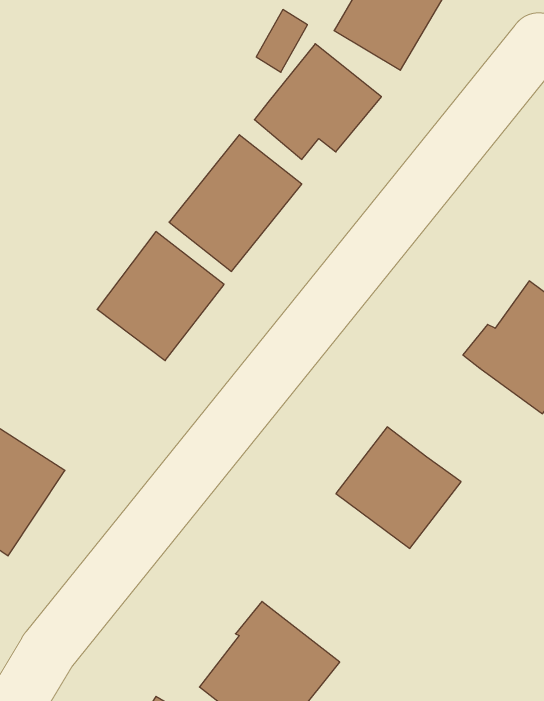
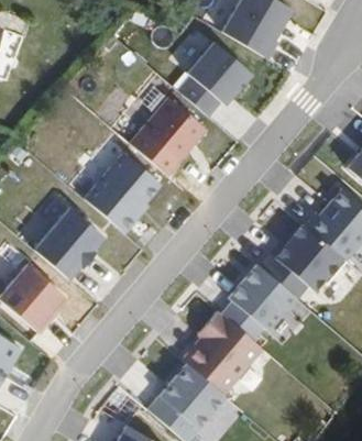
building: none -> [36,207,107,278]
building: none -> [267,230,336,294]
building: none -> [180,308,266,395]

